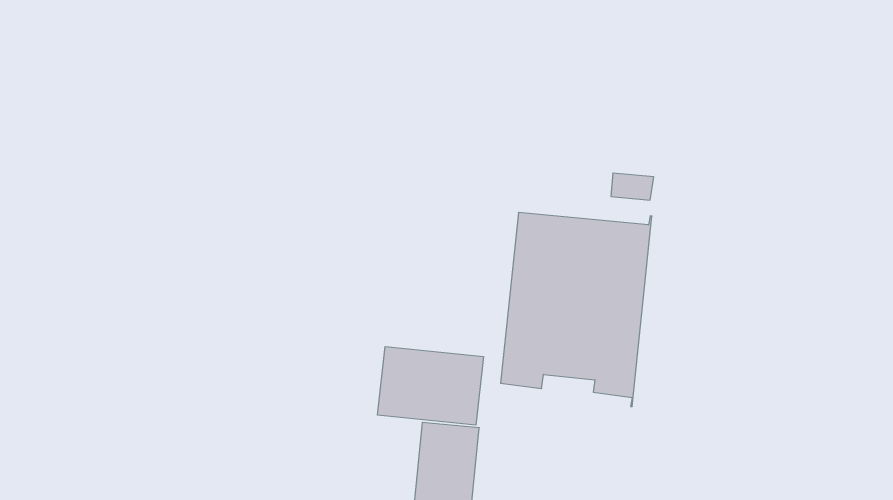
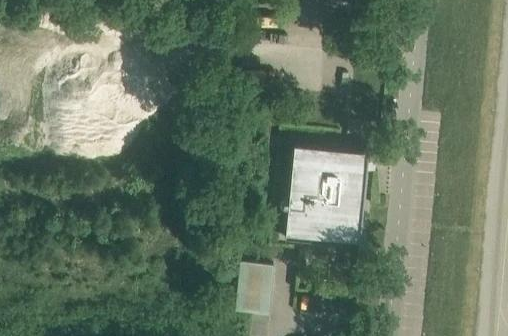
building: [378,347,483,425] -> none

